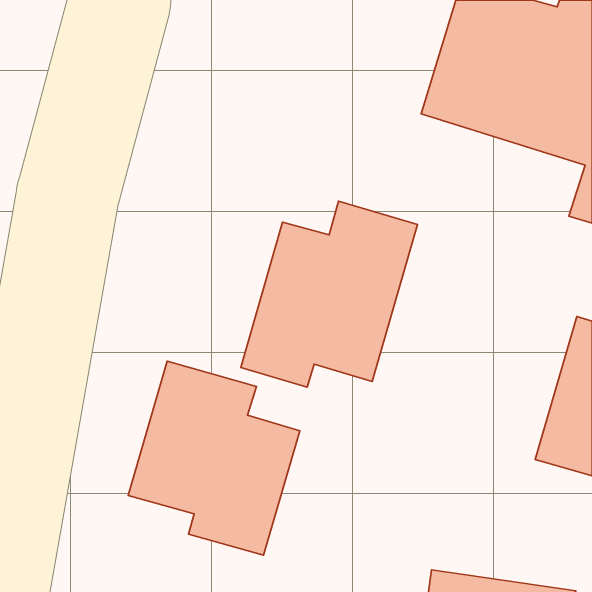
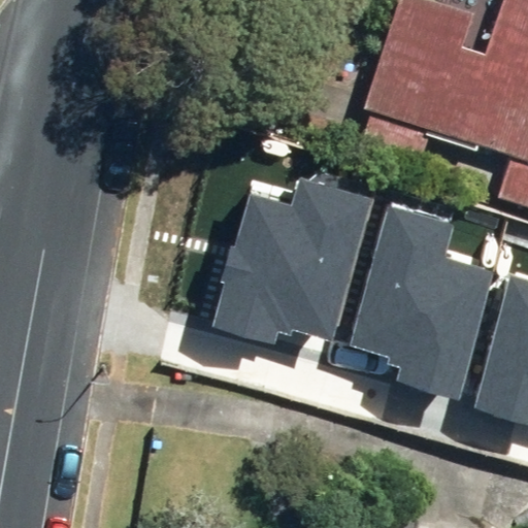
building: none -> [349,210,495,399]
building: [128,361,300,555] -> none

